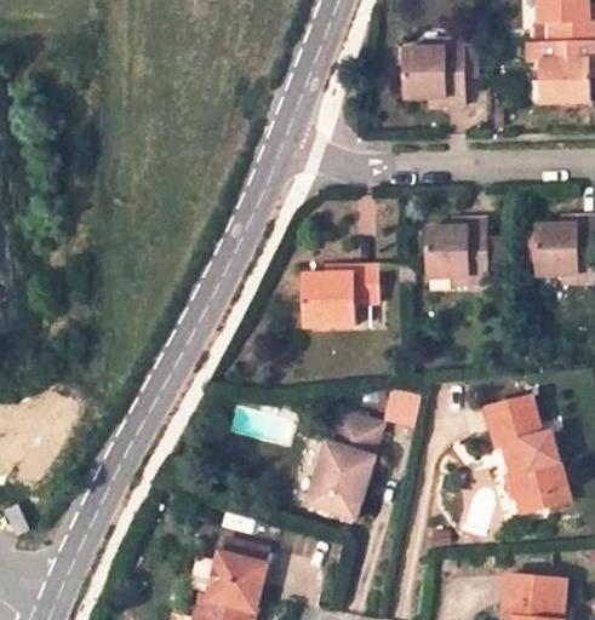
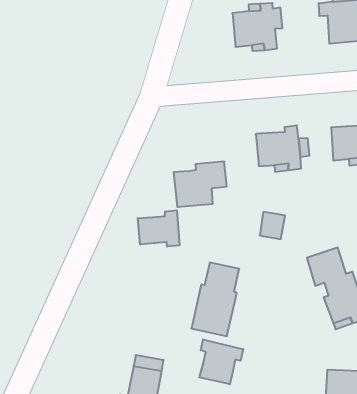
building: none -> [138,210,179,247]
building: [379,384,418,425] -> [260,212,285,239]
building: none -> [199,339,243,384]

